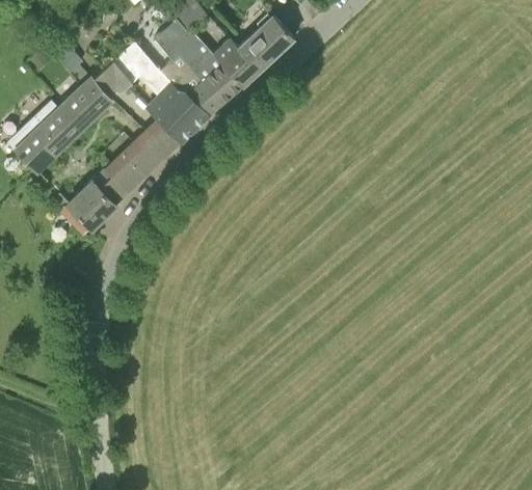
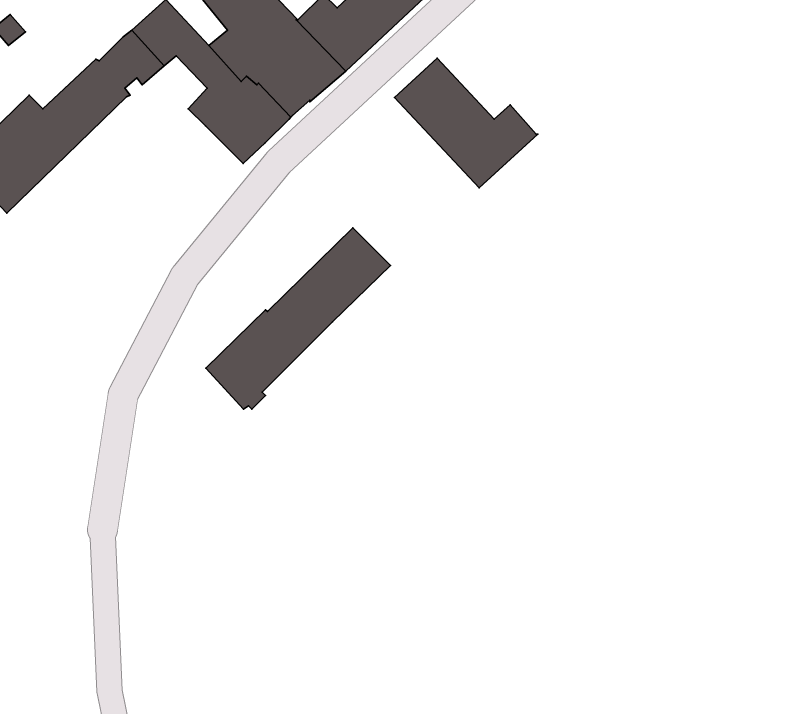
building: none -> [394,58,538,188]
building: [69,120,181,230] -> [206,228,391,409]

